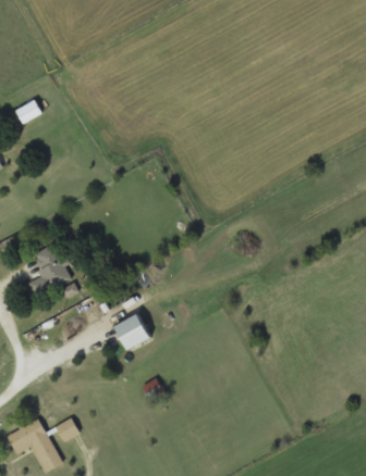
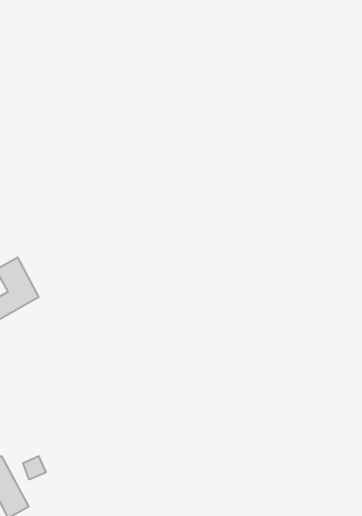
building: [115,313,151,349] -> none

